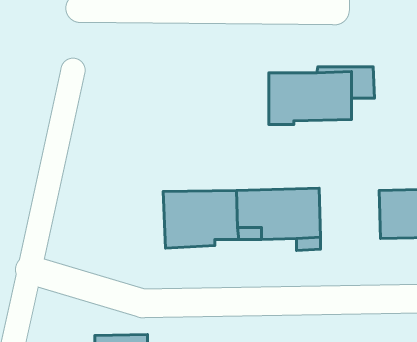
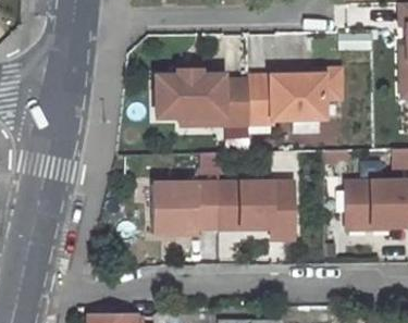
building: none -> [154,71,247,125]

